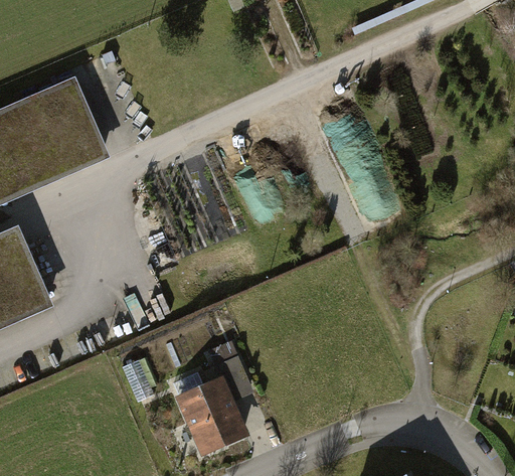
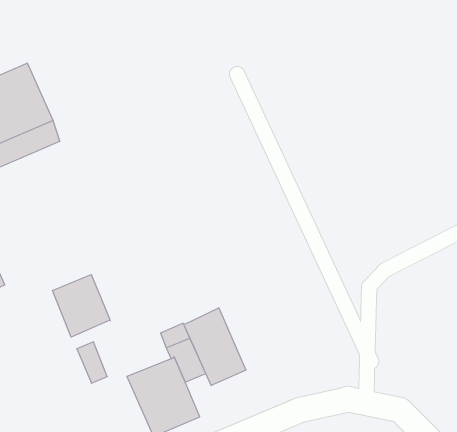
building: none -> [53,275,110,337]
building: none -> [184,308,246,386]

